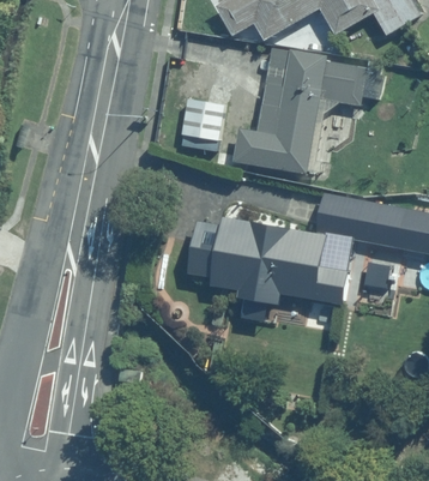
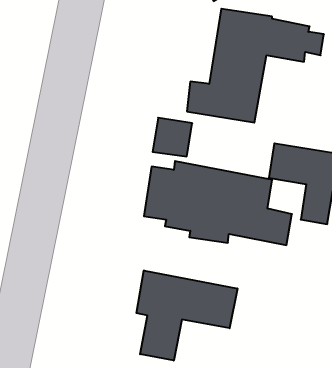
building: [181,98,224,140] -> [153,118,192,156]
building: none -> [136,270,237,361]

